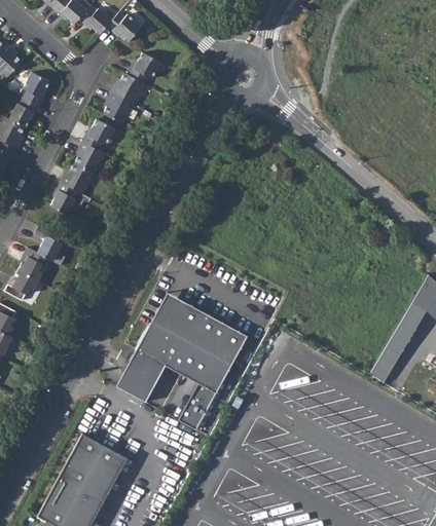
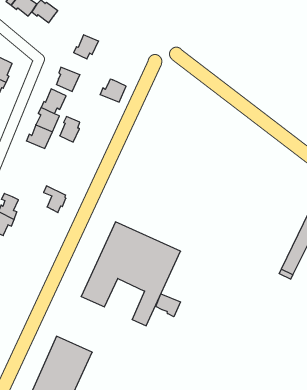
building: [107,12,142,42] -> none
building: [111,74,145,104] -> [100,79,126,102]
building: [50,183,77,216] -> [60,117,80,142]
building: [35,226,63,261] -> [44,186,66,213]
building: none -> [156,294,180,317]

